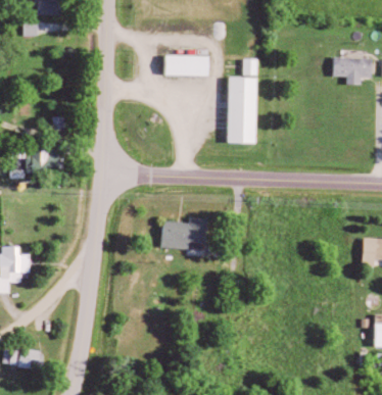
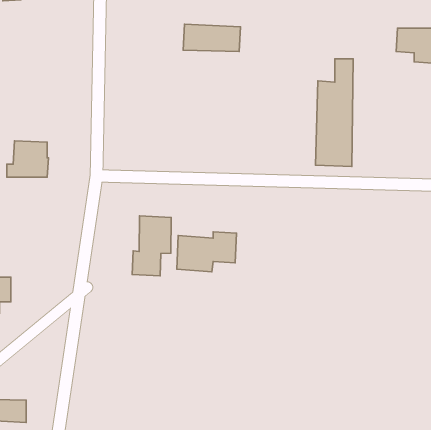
building: [228,58,257,143] -> [315,59,353,167]
building: none -> [132,216,171,276]

